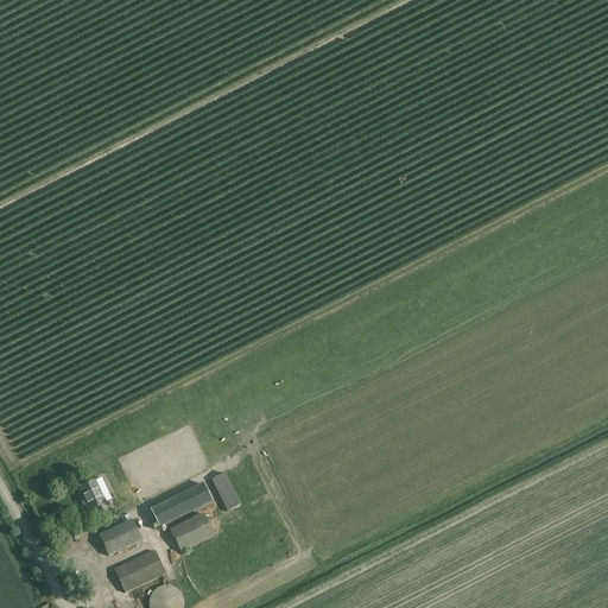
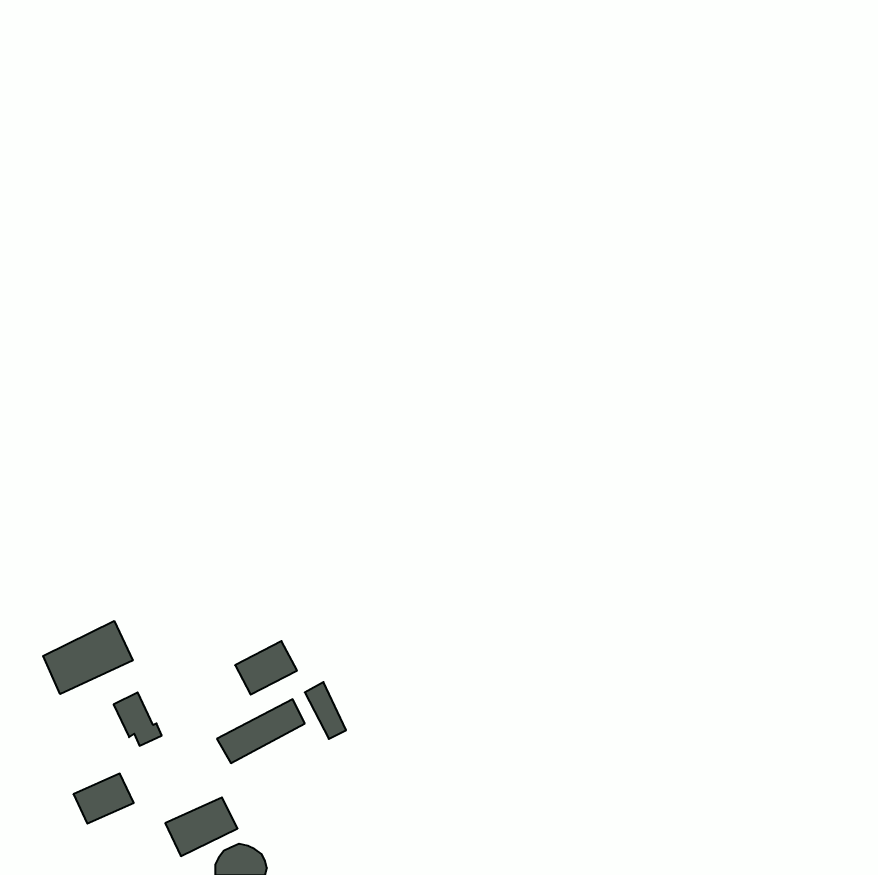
building: none -> [43,621,133,694]
building: [170,512,213,549] -> [235,641,297,695]
building: [100,519,141,553] -> [73,774,134,824]

